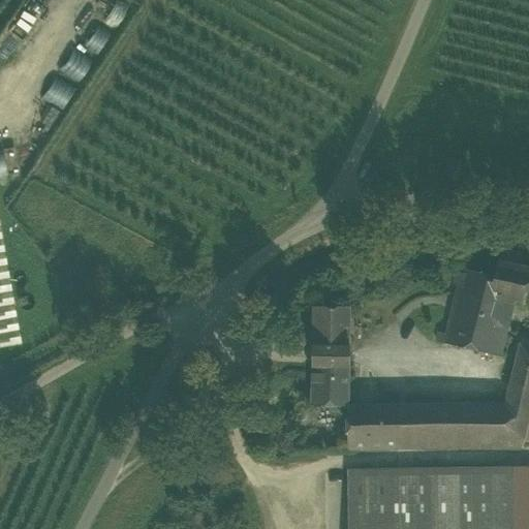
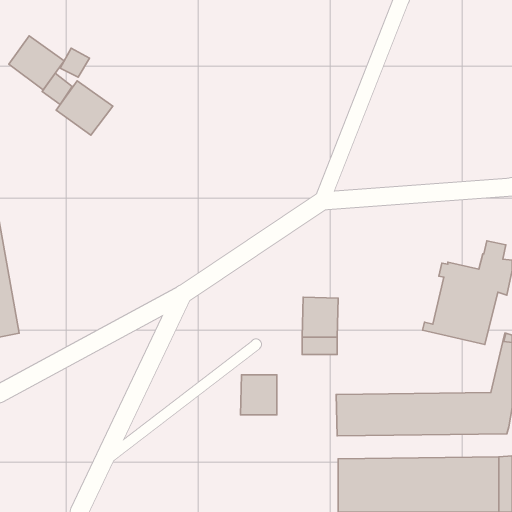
building: none -> [9,36,64,90]
building: none -> [56,81,113,135]
building: [310,365,347,406] -> [241,375,277,415]

